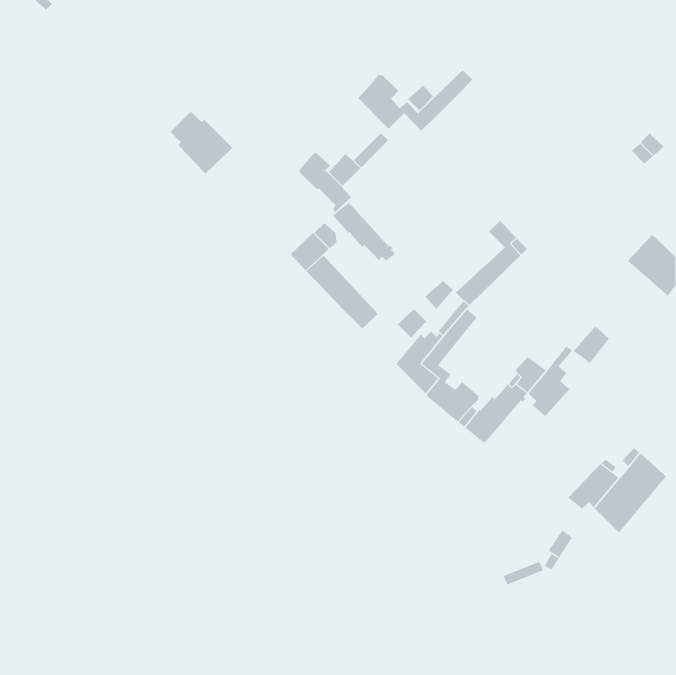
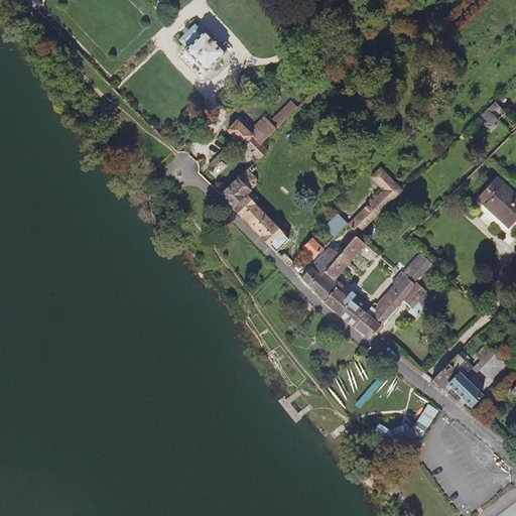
building: [357,69,473,132] -> none
building: [170,111,233,174] -> [178,23,227,72]
building: [332,202,396,262] -> none
building: [573,326,610,364] -> [403,253,431,282]

